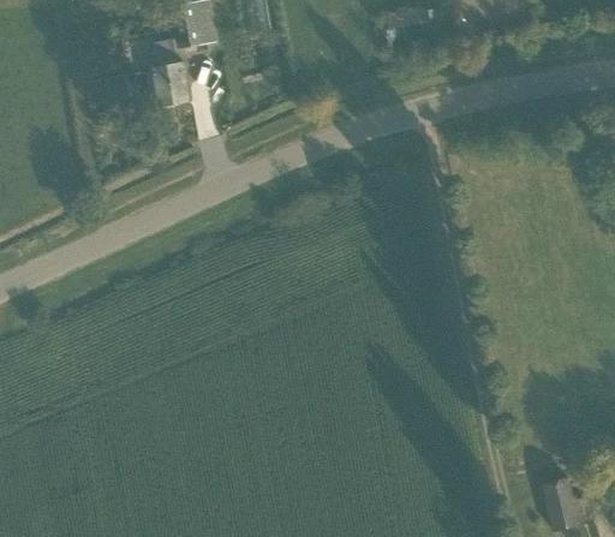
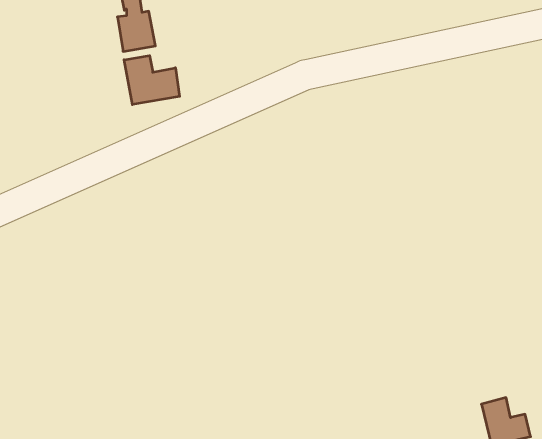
building: none -> [124,56,180,105]

